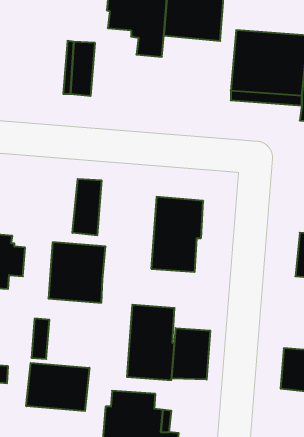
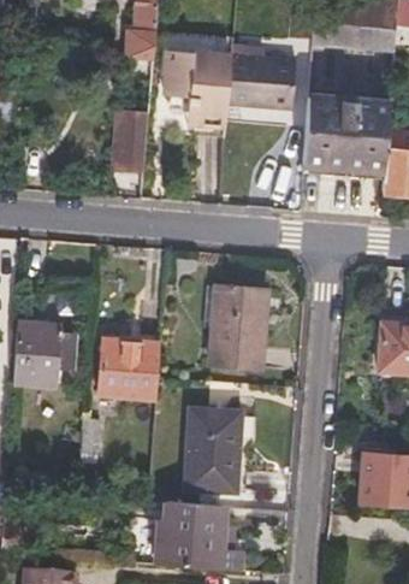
building: [72,179,101,235] -> none
building: [172,328,210,380] -> none
building: [26,363,89,411] -> none

